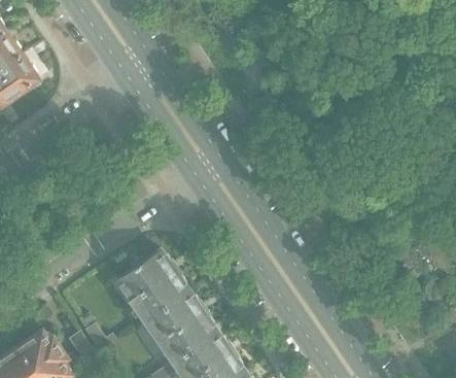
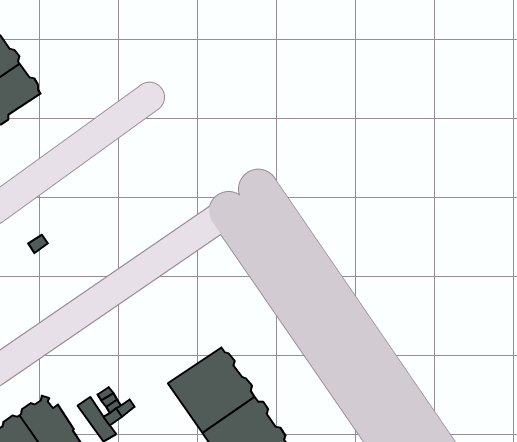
building: [114,250,187,321] -> none

